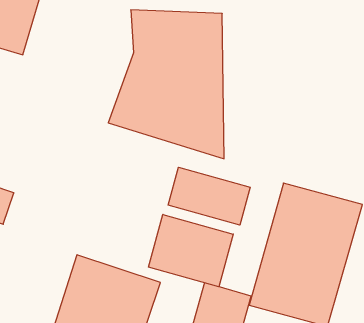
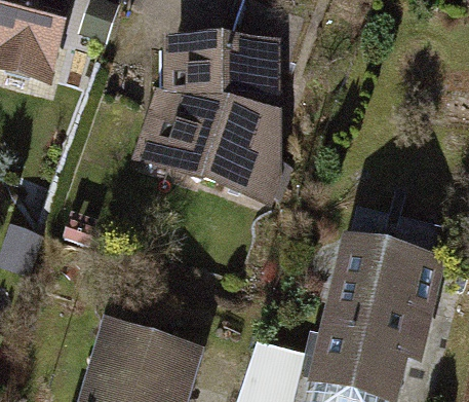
building: [168,167,250,225] -> none
building: [149,214,233,287] -> none

